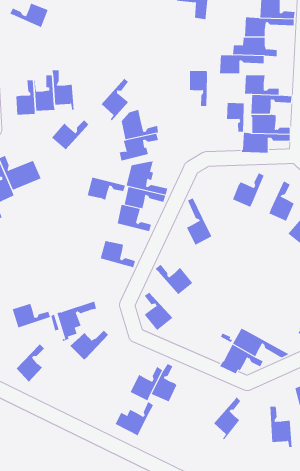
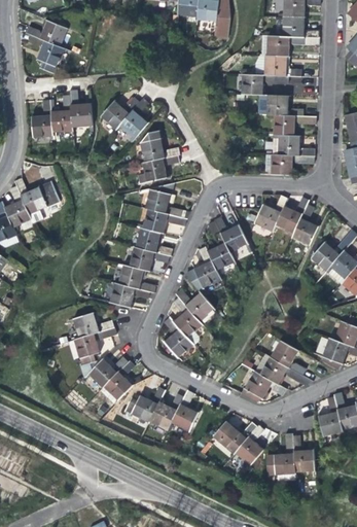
building: none -> [28,34,64,73]
building: [189,70,207,107] -> none
building: [226,102,244,133] -> none
building: [51,120,89,151] -> [101,97,140,129]
building: none -> [276,196,309,232]
building: [87,176,126,200] -> [129,246,169,271]
building: none -> [214,216,248,252]
building: none -> [193,246,221,287]
building: none -> [110,282,149,307]
building: none -> [172,296,201,344]
building: [12,303,51,328] -> [73,312,113,338]
building: none -> [270,340,305,375]
building: [16,343,45,383] -> [104,360,134,400]
building: none -> [213,421,257,453]
building: [115,401,154,436] -> [124,386,165,422]
building: none -> [266,432,295,481]

